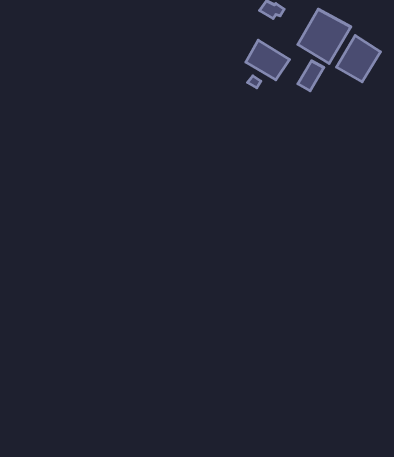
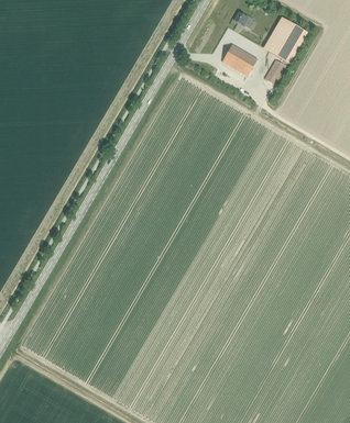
building: [337,36,380,82] -> none

